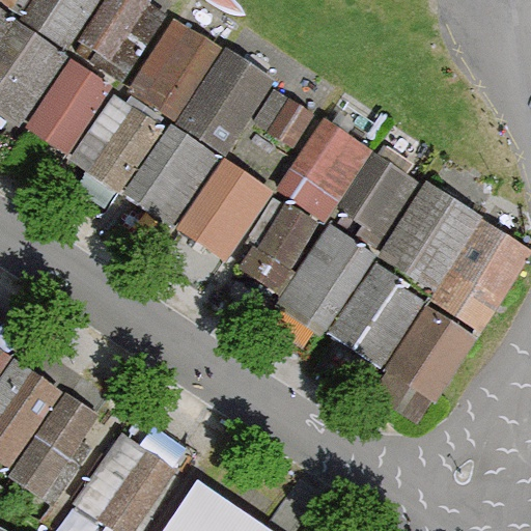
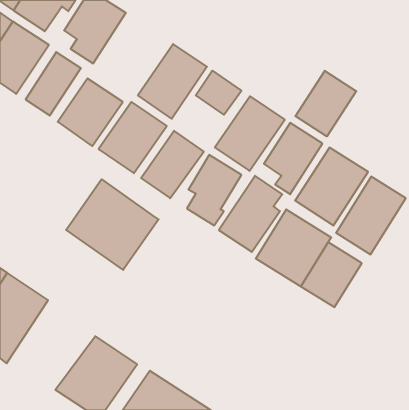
building: [131,25,217,119] -> none
building: none -> [295,71,356,136]
building: none -> [66,179,159,270]
building: [8,388,110,501] -> none

